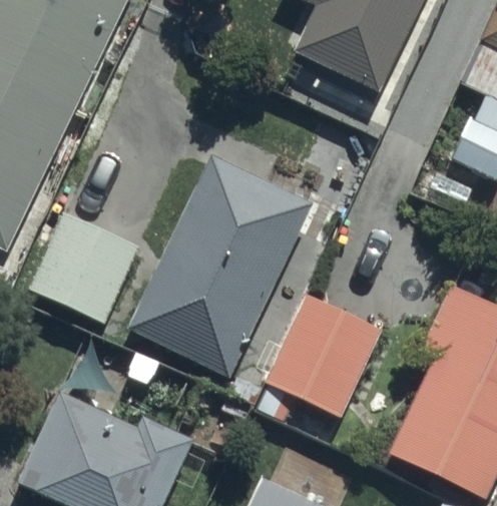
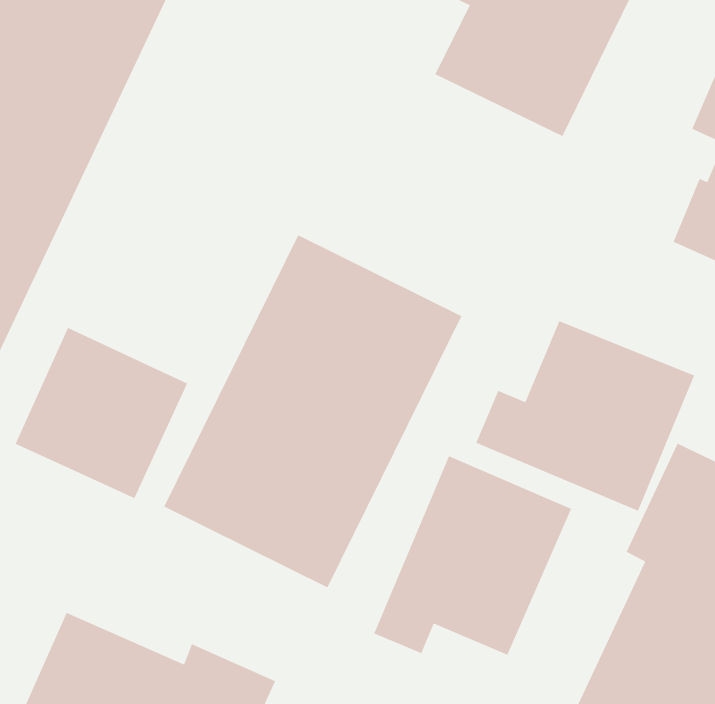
building: none -> [475,320,695,512]

